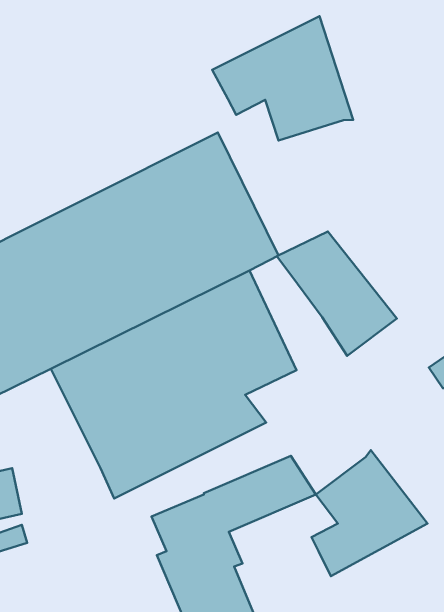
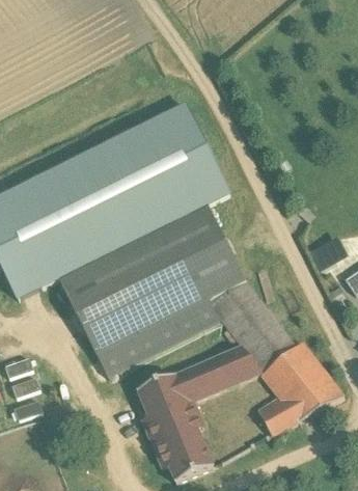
building: [212,16,353,141] -> none
building: [277,231,397,356] -> [206,280,297,374]

